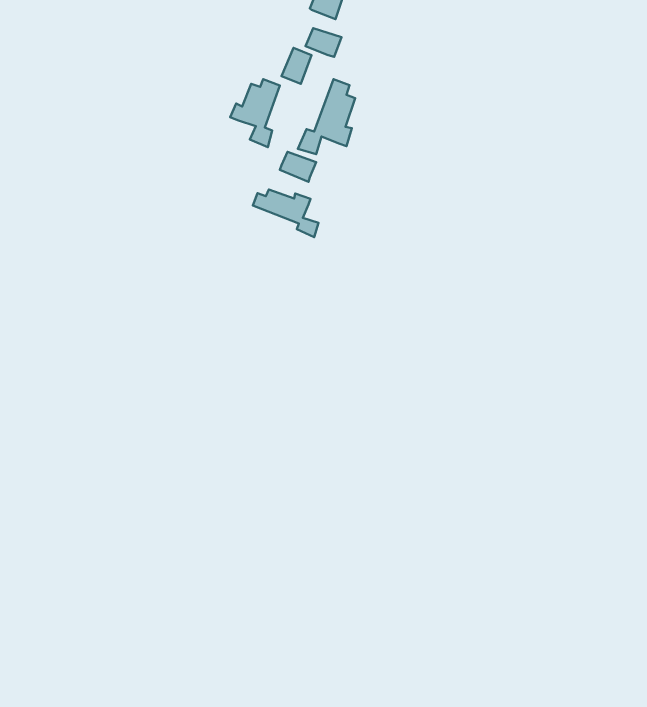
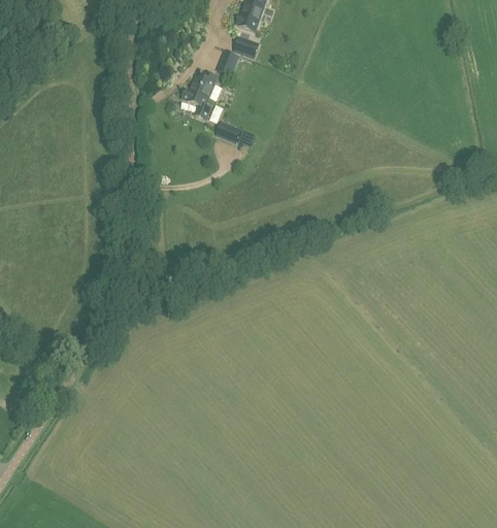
building: [298,79,355,154] -> none
building: [253,190,318,237] -> none

